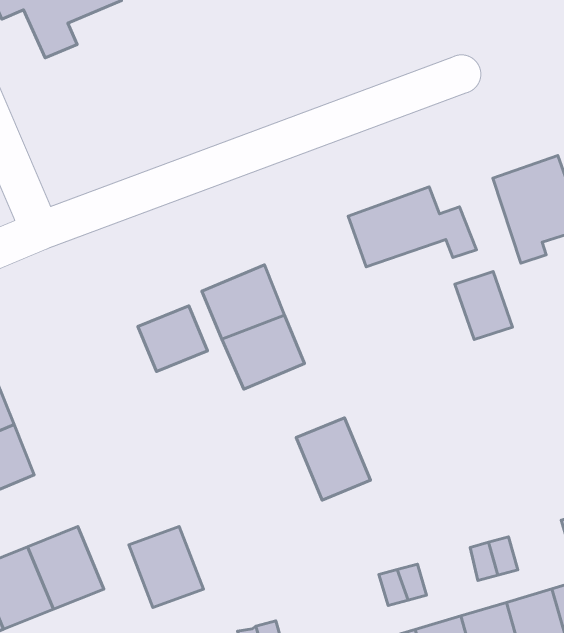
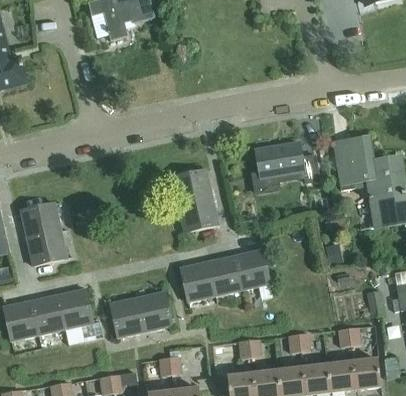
building: [455,272,512,340] -> none
building: [138,306,208,371] -> none
building: none -> [234,249,269,290]
building: none -> [180,261,215,302]
building: none -> [138,291,173,332]

